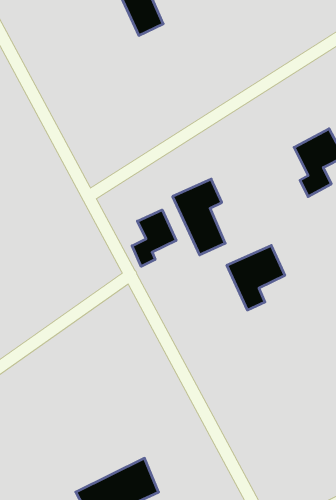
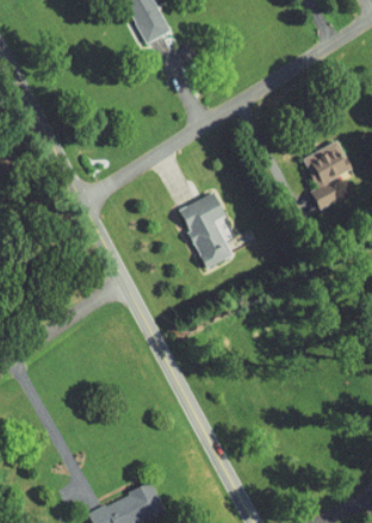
building: [132,210,176,266] -> none
building: [227,245,285,310] -> none

